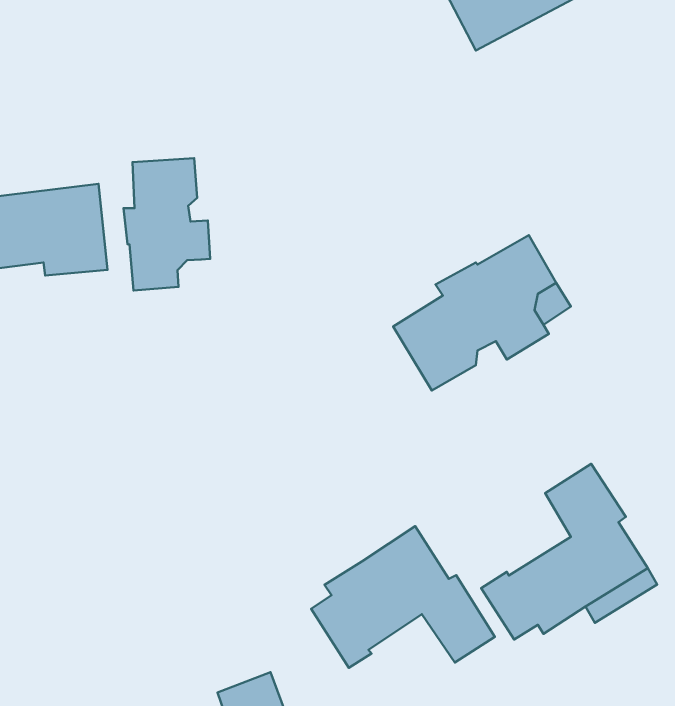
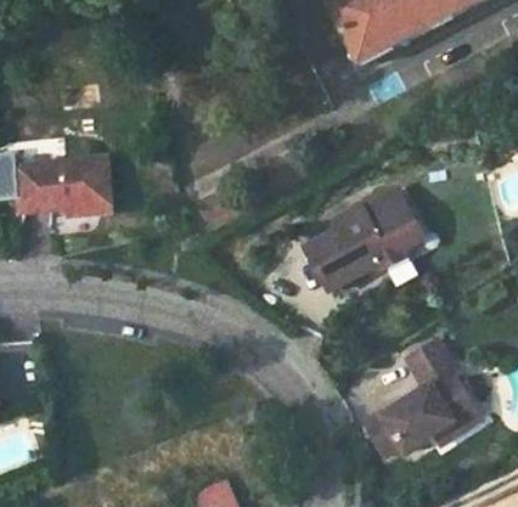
building: [124,158,210,290] -> none
building: [311,526,495,668] -> none

